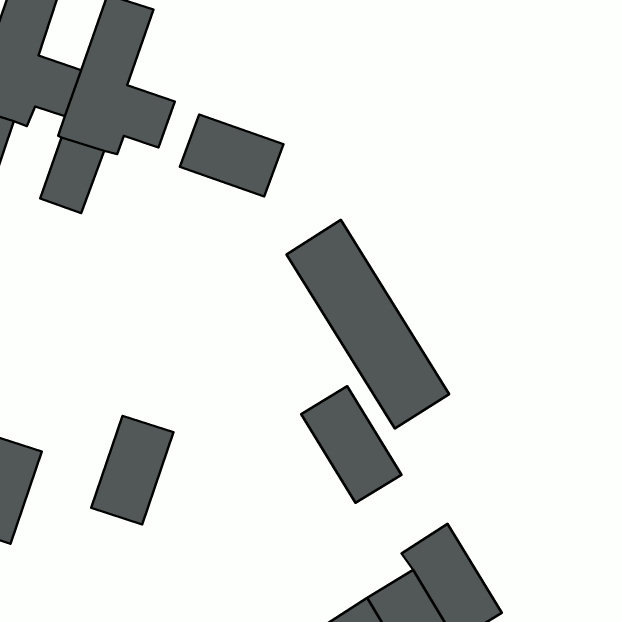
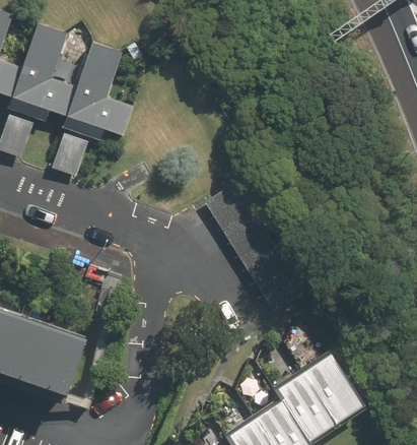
building: [180,115,283,196] -> none
building: [301,386,401,503] -> [303,352,365,424]
building: [91,416,173,524] -> [33,324,84,391]

